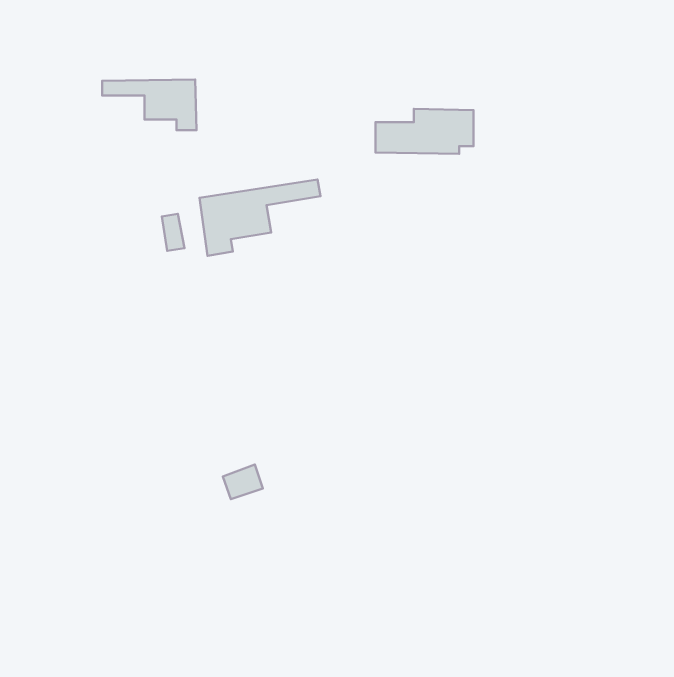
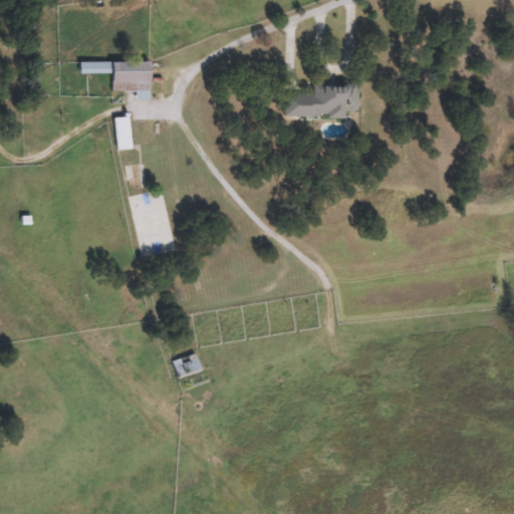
building: none -> [115,115,131,149]
building: [199,180,320,256] -> none

